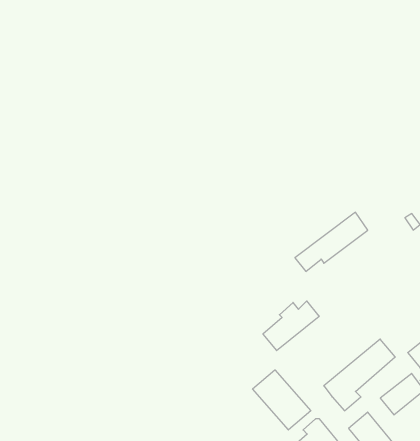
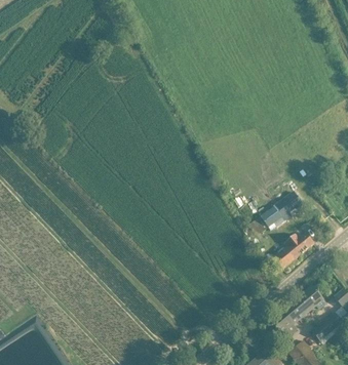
building: [263,301,319,351] -> [273,234,315,271]
building: [253,370,311,430] -> none

